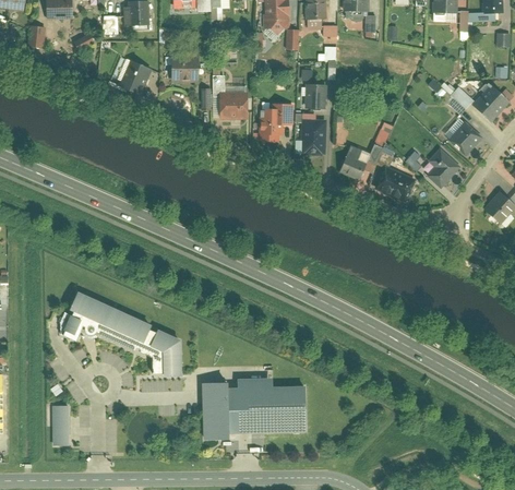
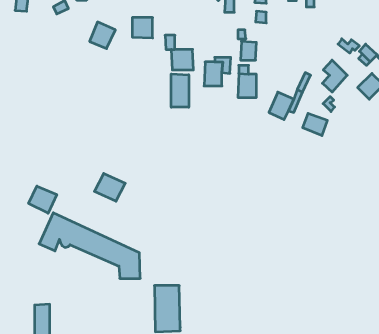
building: none -> [171,74,189,107]
building: [429,146,459,186] -> [322,60,347,92]
building: none -> [94,173,125,201]
building: none -> [29,186,57,213]
building: [230,382,304,434] -> none

